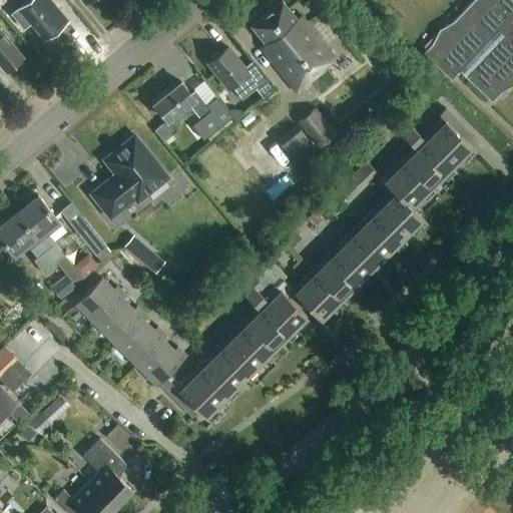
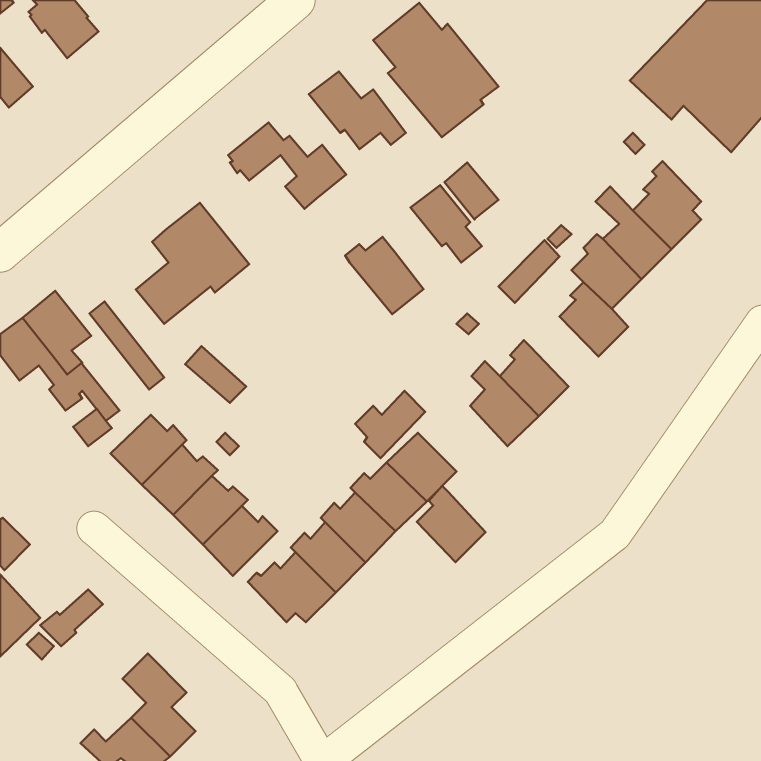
building: none -> [345,237,423,314]
building: [357,209,403,261] -> none
building: [296,270,342,321] -> [417,486,485,562]

